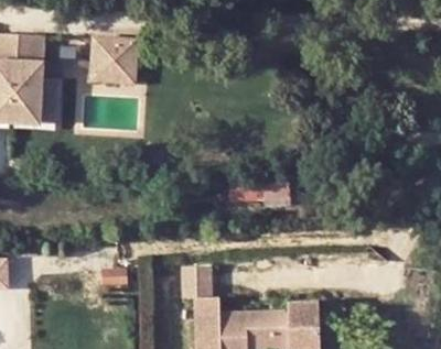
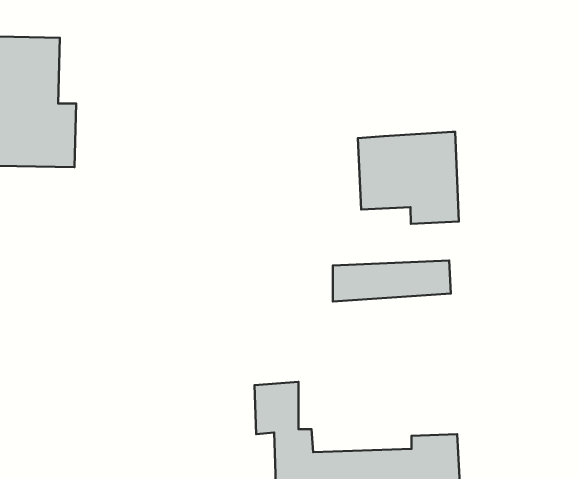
building: [83,42,123,84] -> none
building: none -> [358,132,459,224]

